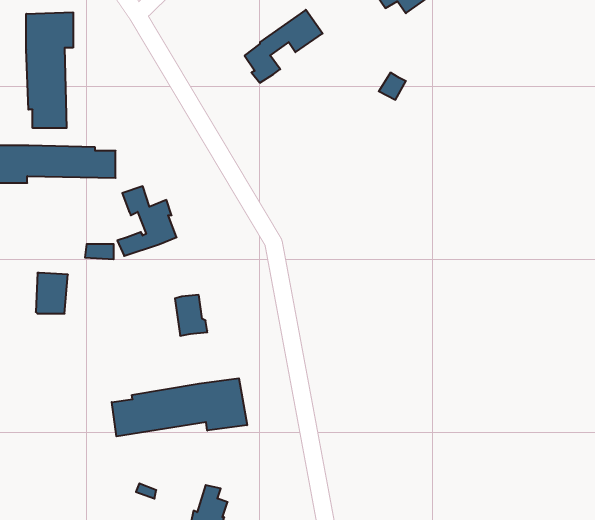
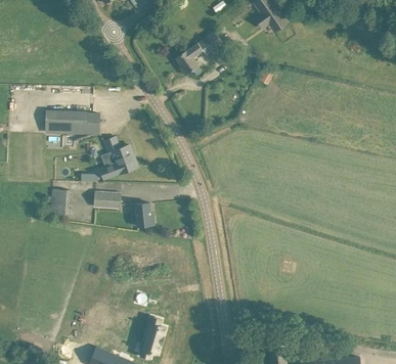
building: [26,12,73,128] -> none
building: none -> [94,191,122,208]
building: [112,378,247,436] -> none

